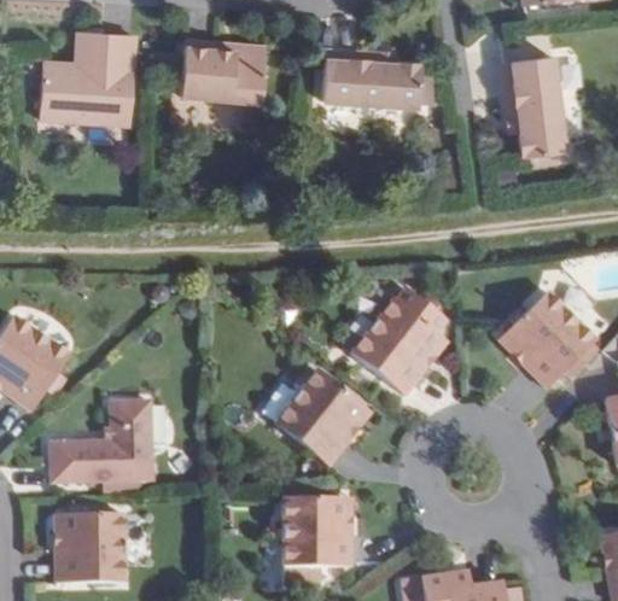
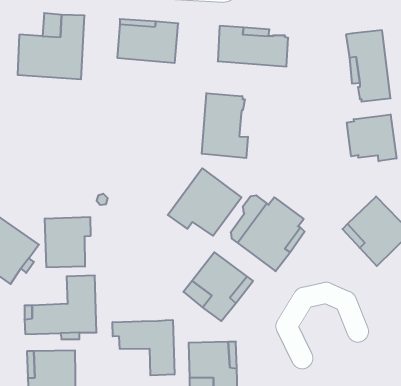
building: none -> [202,93,248,158]
building: none -> [347,114,396,161]
building: none -> [168,168,241,236]
building: none -> [45,217,90,267]
building: none -> [113,320,174,375]

